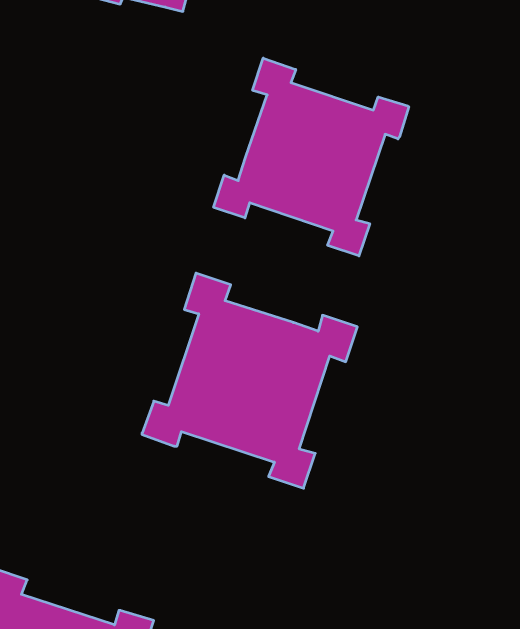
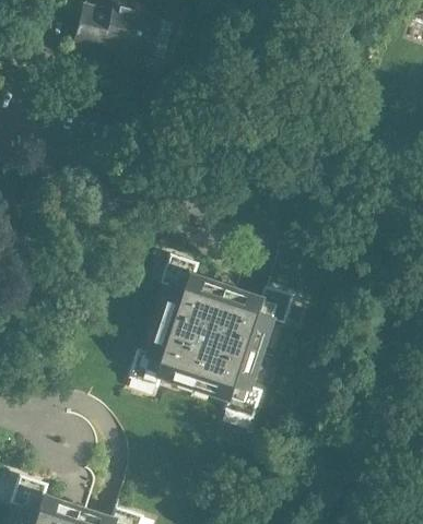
building: [214,58,409,256] -> none

